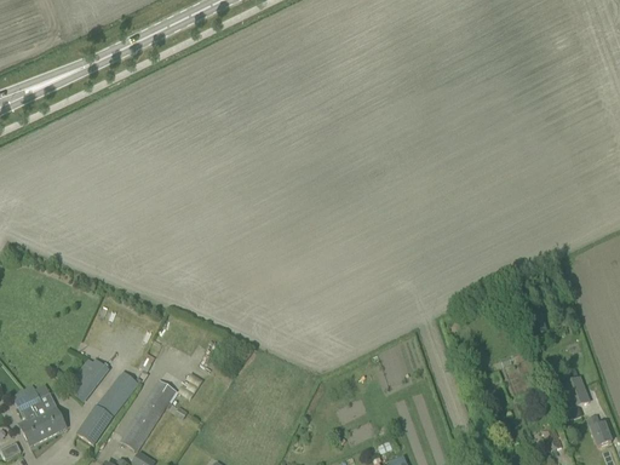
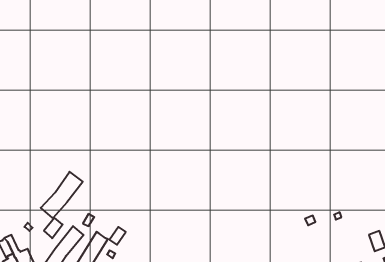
building: none -> [41,172,83,218]

